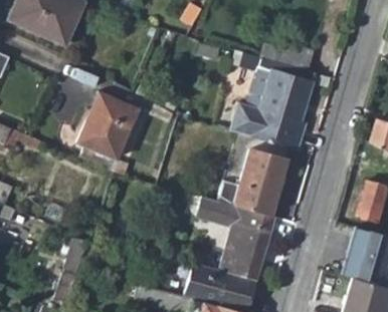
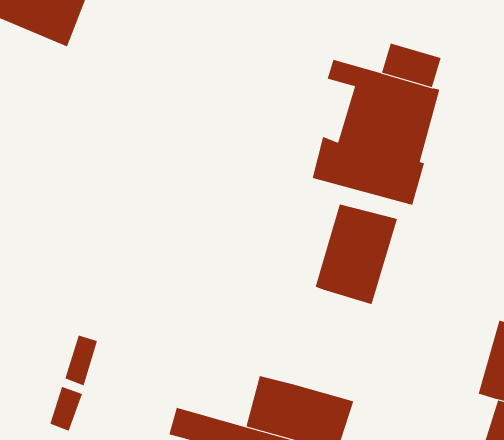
building: [76,92,138,159] -> none
building: [195,196,275,281] -> none

